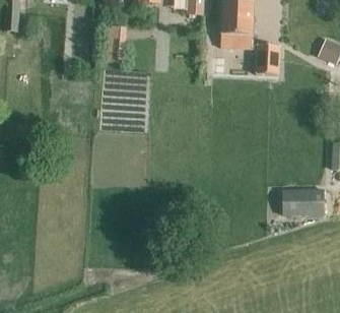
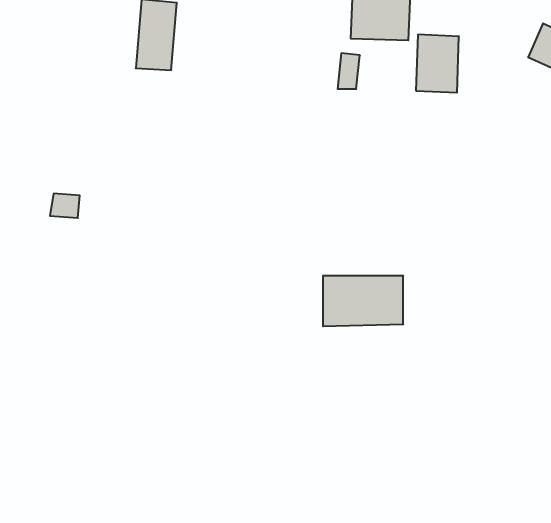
building: [280,188,324,215] -> [323,276,403,326]

